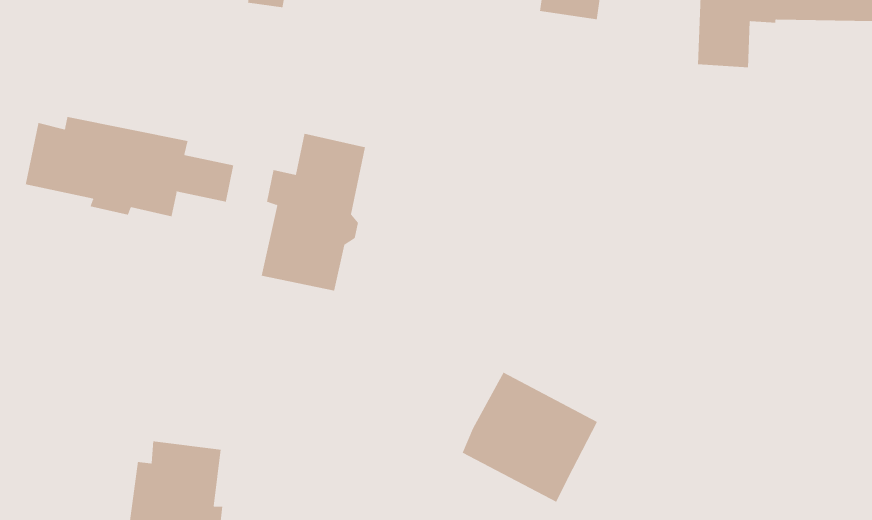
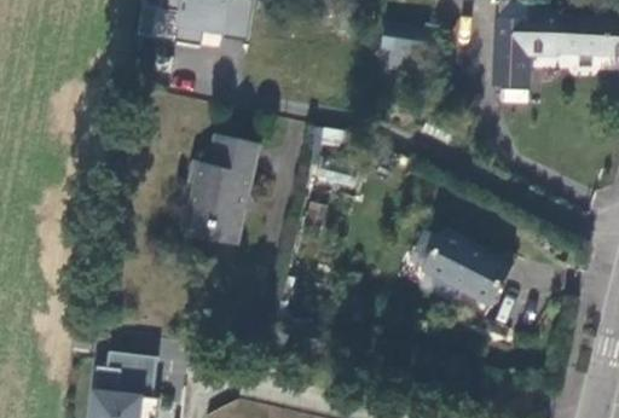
building: [25,116,234,217] -> none
building: [462,372,598,502] -> [415,230,510,321]

